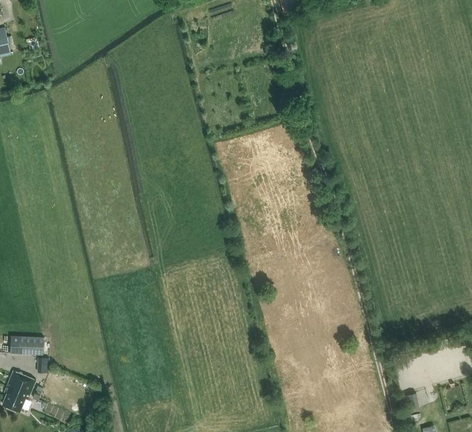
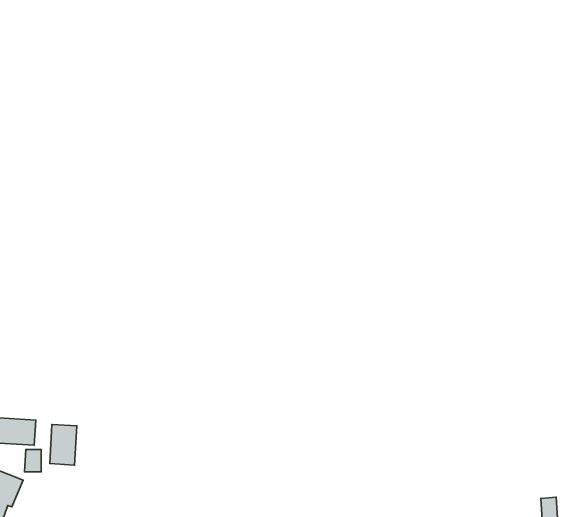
building: none -> [50,424,77,465]

